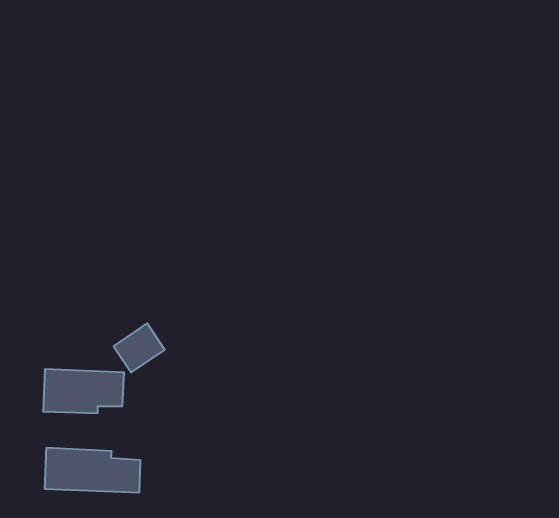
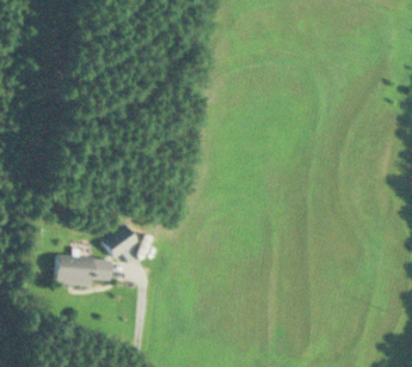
building: [45,448,140,493] -> none

